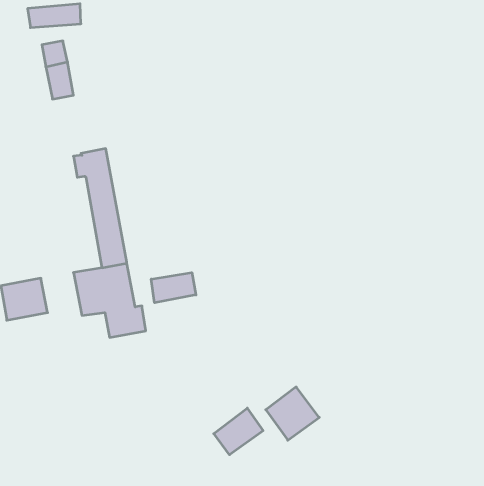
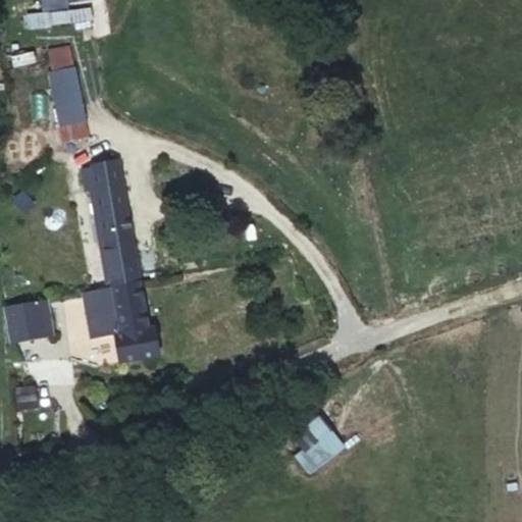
building: none -> [53,102,86,141]
building: [151,273,196,303] -> none
building: [214,408,263,455] -> none

